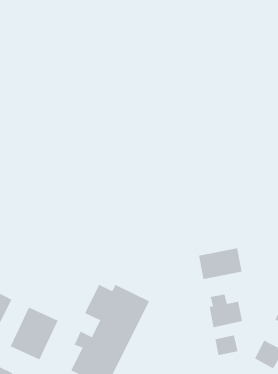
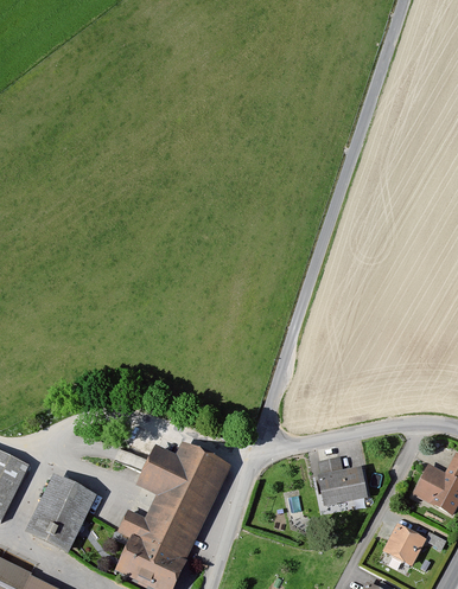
building: [199,248,242,280] -> none
building: [215,335,238,356] -> none

